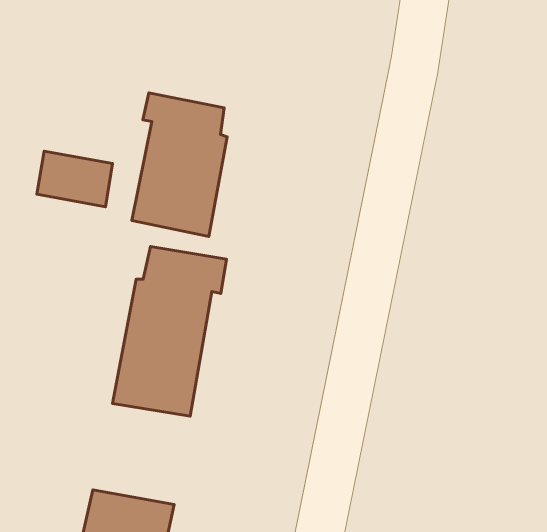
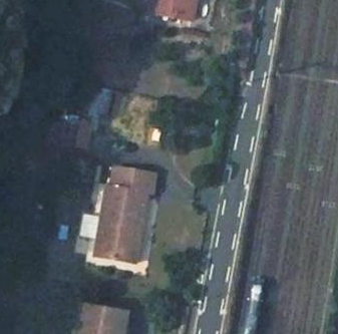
building: [132,93,227,236] -> none

